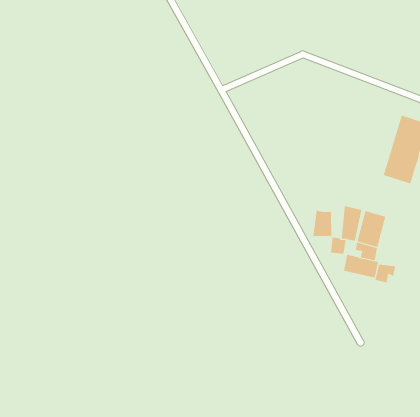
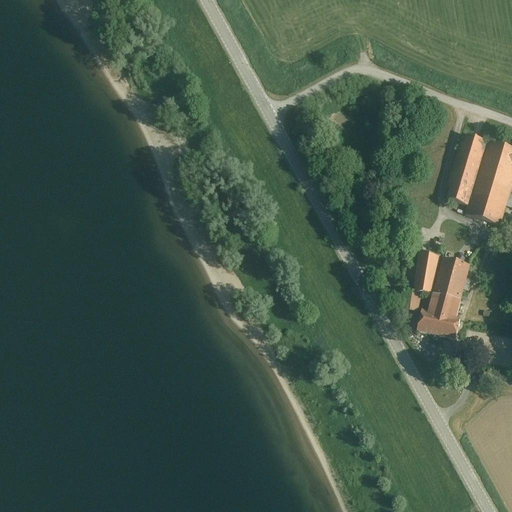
building: none -> [448,132,488,202]
building: [313,210,332,237] -> none
building: [375,264,396,283] -> none

